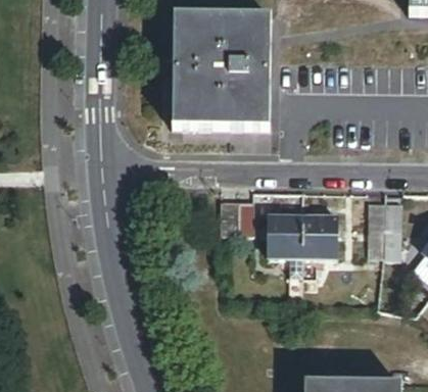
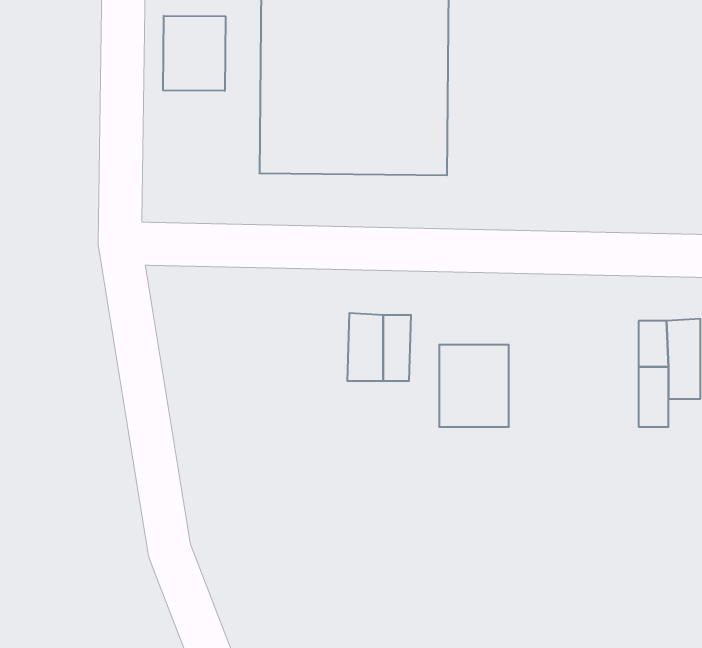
building: none -> [163,16,225,91]
building: [301,215,337,257] -> none

